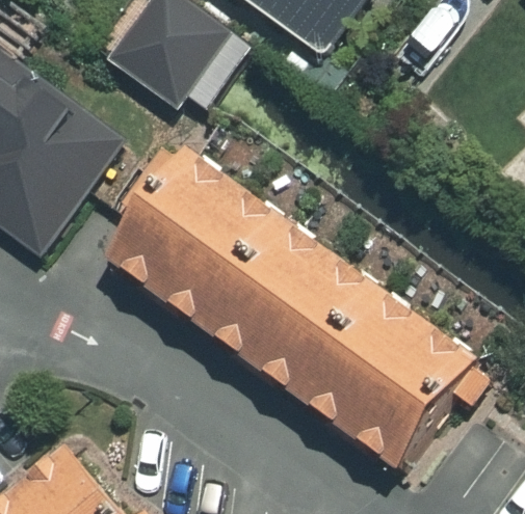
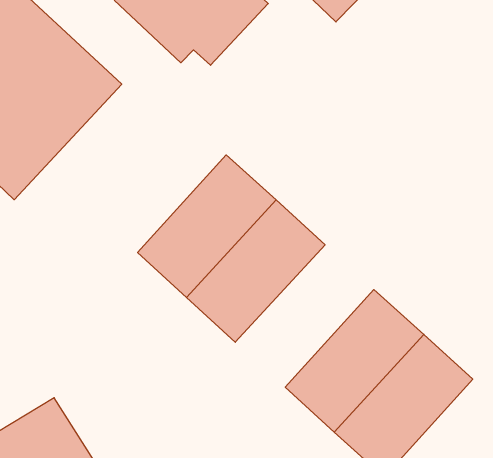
building: [106,156,230,293] -> none
building: [260,264,384,402] -> none

